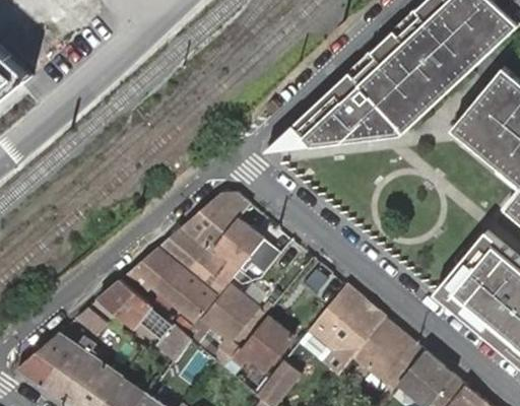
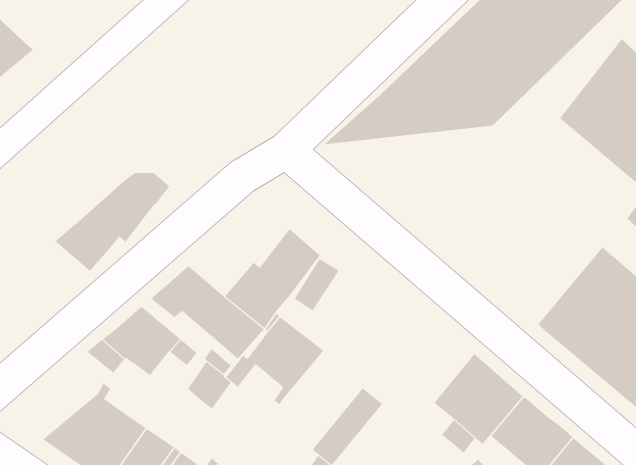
building: [157,192,250,271] -> [55,173,170,272]
building: [310,284,386,375] -> none
building: [234,318,292,369] -> none
building: [16,325,89,386] -> none

